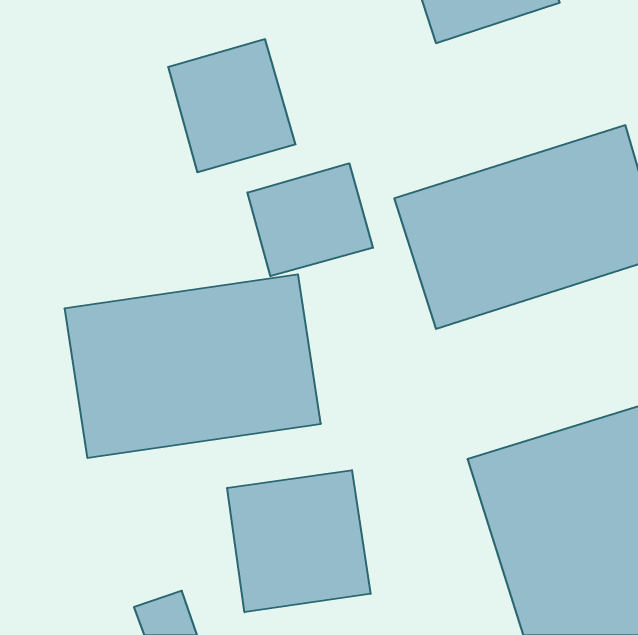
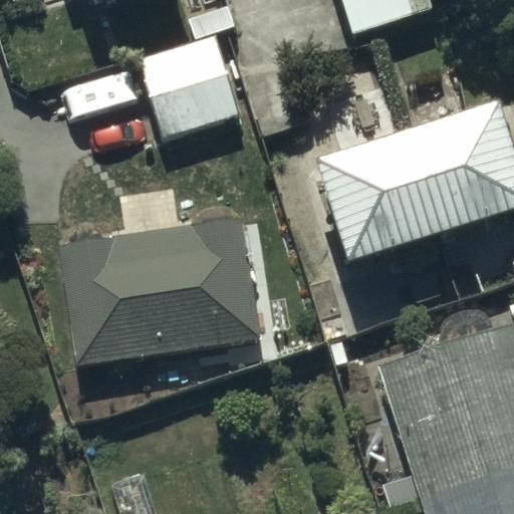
building: [247,163,373,276] -> none
building: [227,470,371,612] -> none

